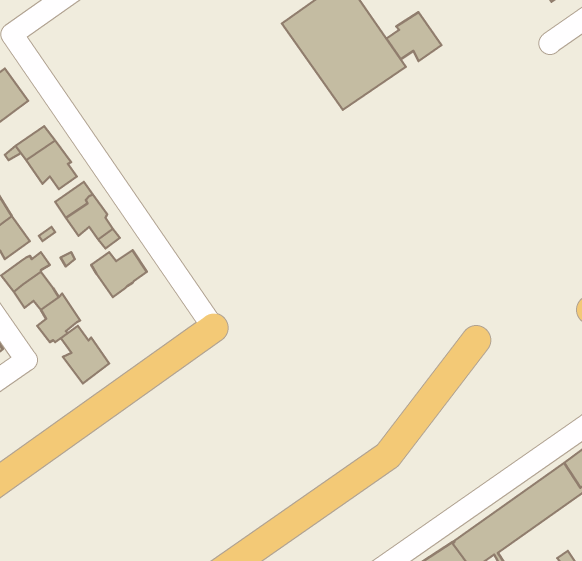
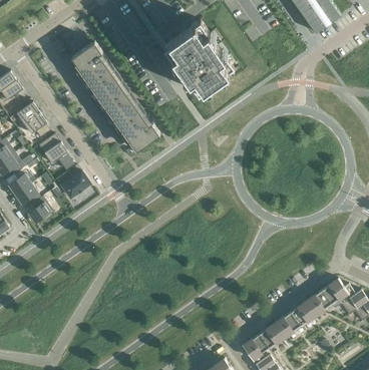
building: [386,12,442,61] -> none
building: none -> [71,42,159,151]
building: [61,326,109,384] -> none

